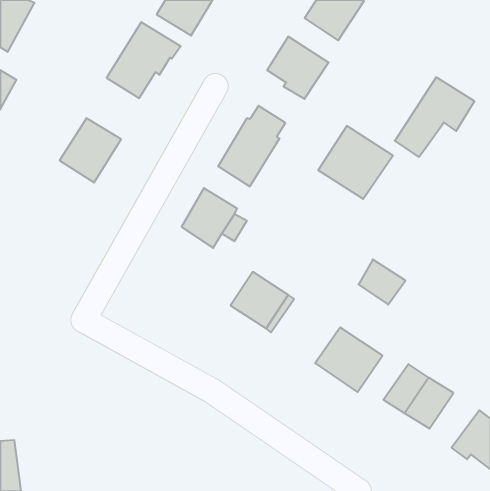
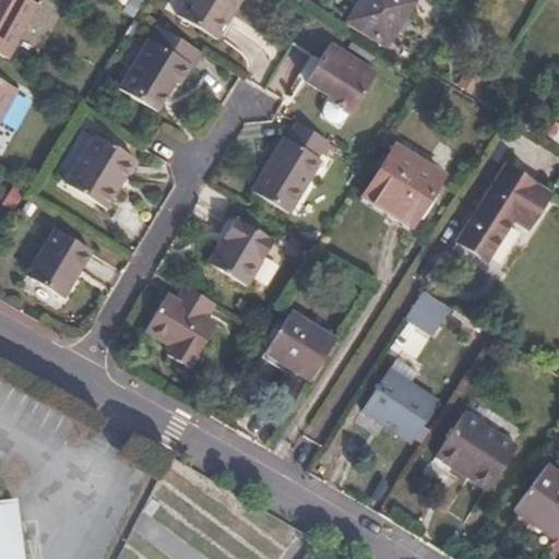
building: [395,77,475,157] -> [461,168,551,259]
building: none -> [29,228,95,298]
building: none -> [142,282,213,365]

